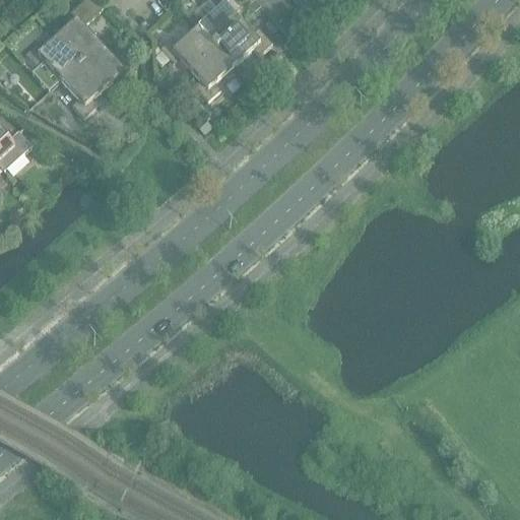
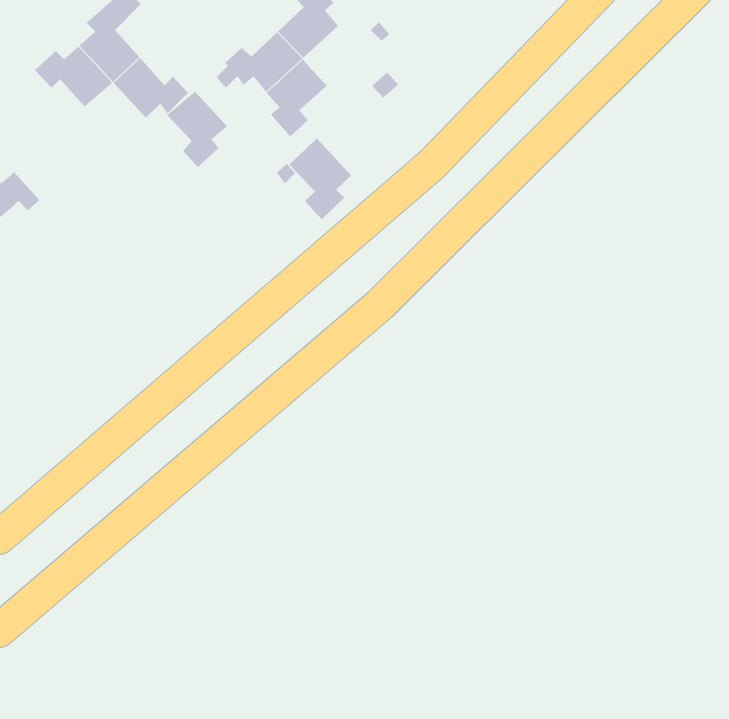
building: [215,18,270,61] -> none
building: [60,59,104,114] -> [166,91,228,168]
building: none -> [288,138,352,220]

